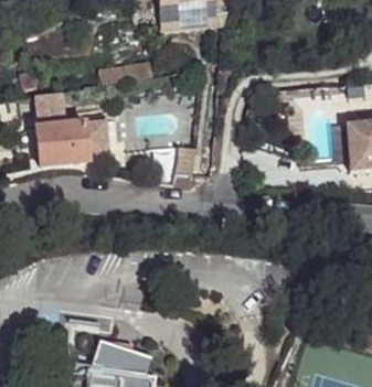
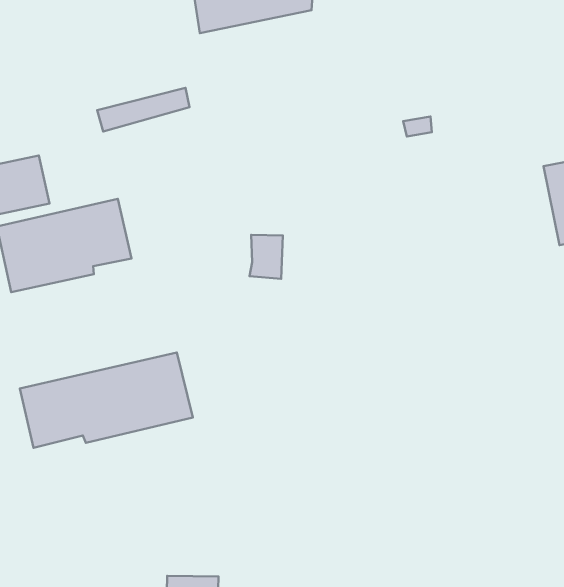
building: none -> [20,352,193,448]

